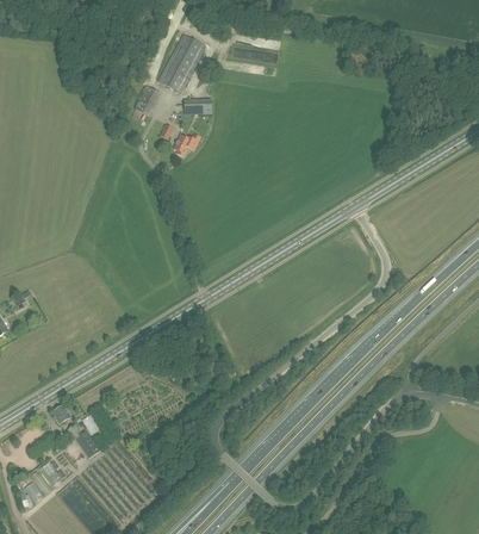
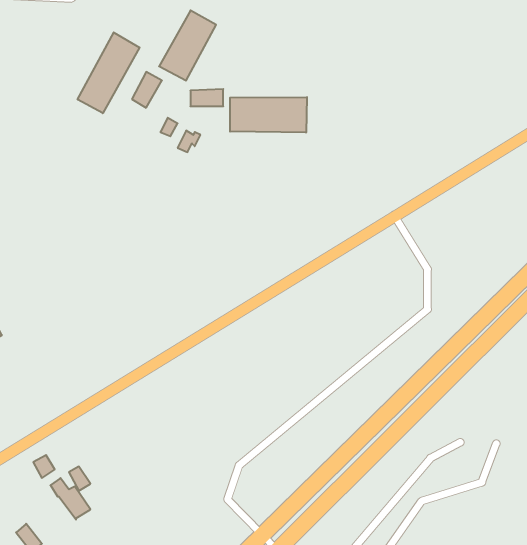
building: none -> [78,32,140,113]
building: none -> [230,97,307,133]

